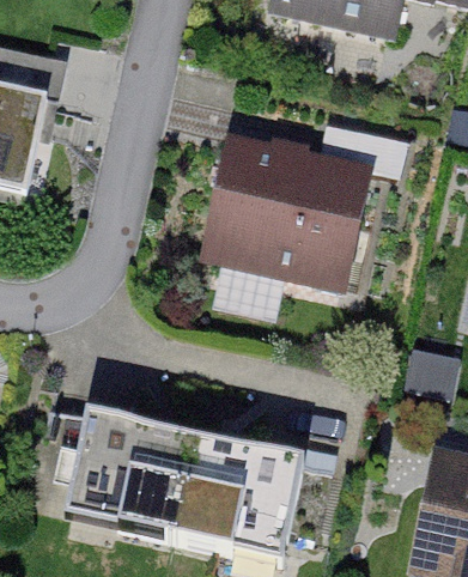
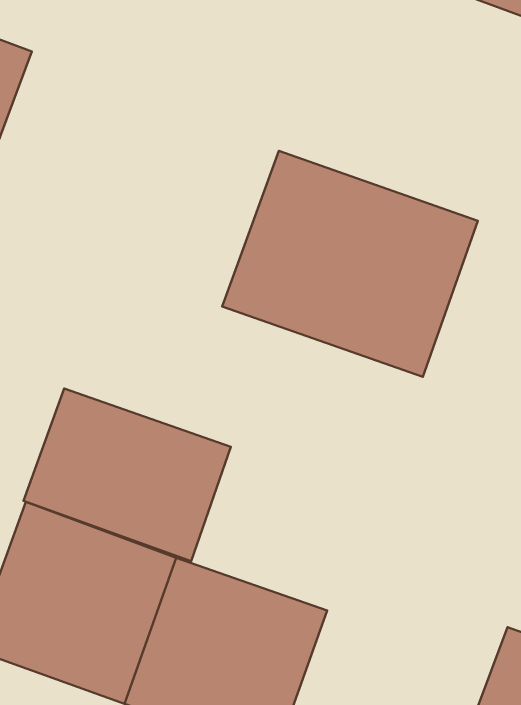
building: none -> [24,389,231,561]

